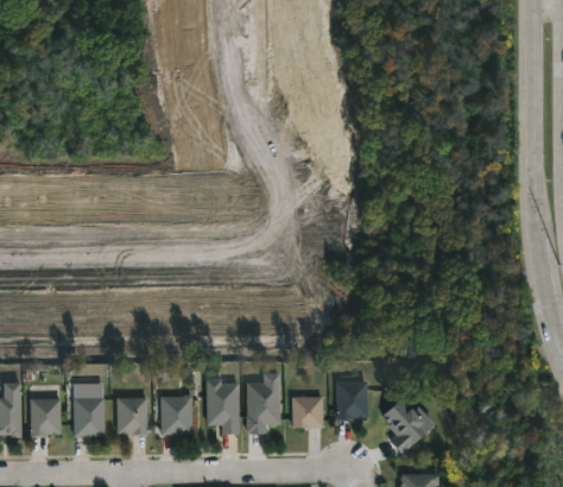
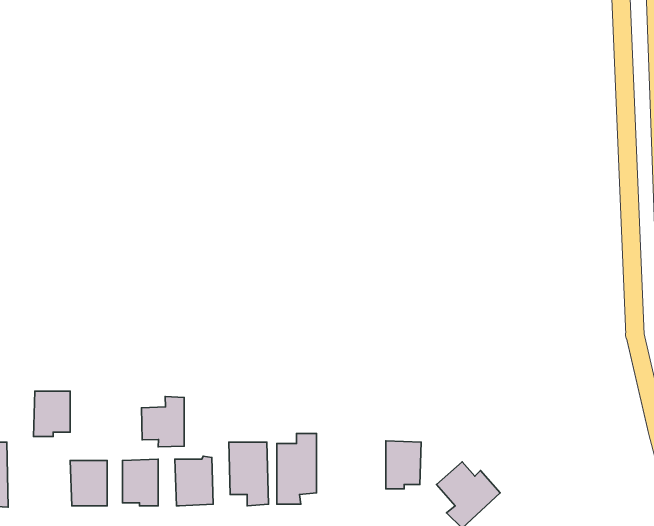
building: none -> [141,397,184,447]
building: [292,397,322,426] -> none
building: [29,398,59,436] -> [34,391,70,437]

